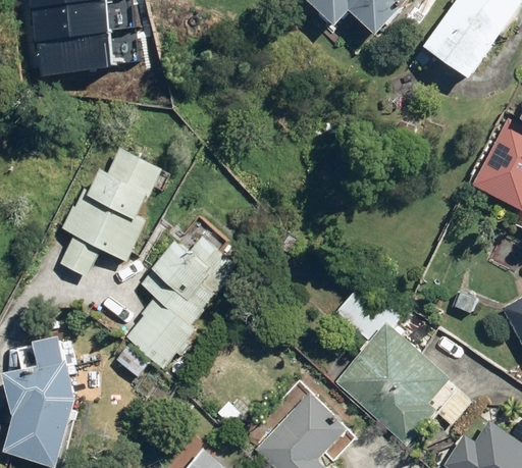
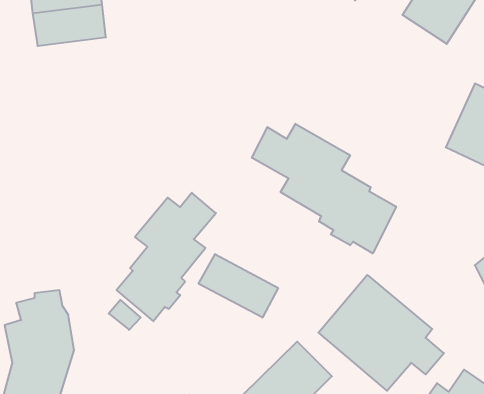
building: [57,144,165,277] -> none
building: none -> [252,124,396,253]
building: none -> [199,254,278,318]

